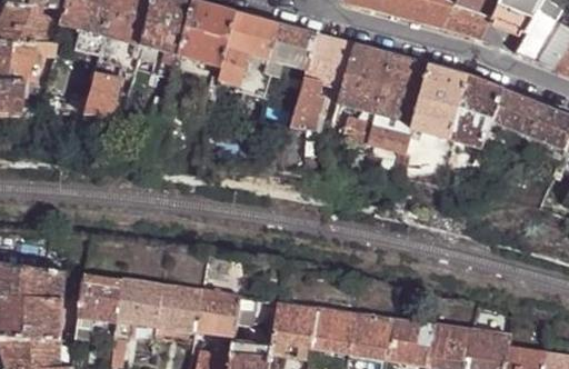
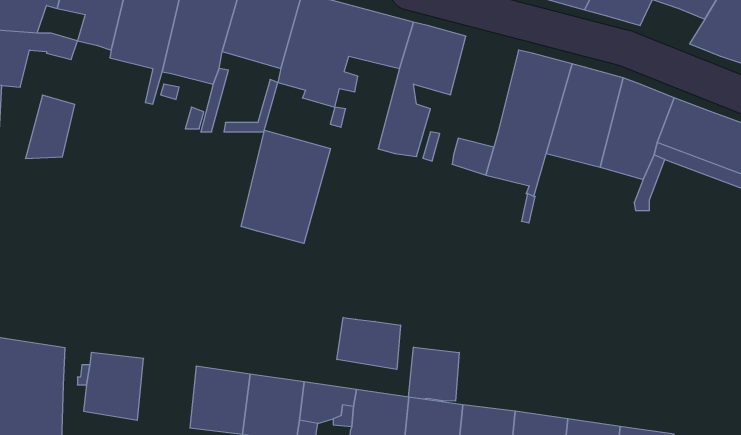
building: [338,44,391,113] -> none
building: [82,71,118,117] -> [25,95,75,158]
building: none -> [241,130,331,243]
building: none -> [337,317,400,369]
building: none -> [409,347,459,401]
building: [117,277,159,327] -> none

